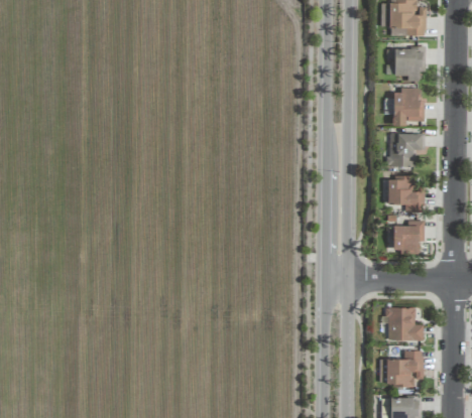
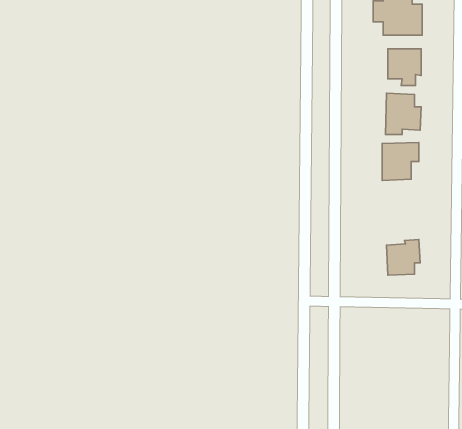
building: [387,176,425,213] -> none
building: [387,307,423,340] -> none
building: [386,351,423,387] -> none

